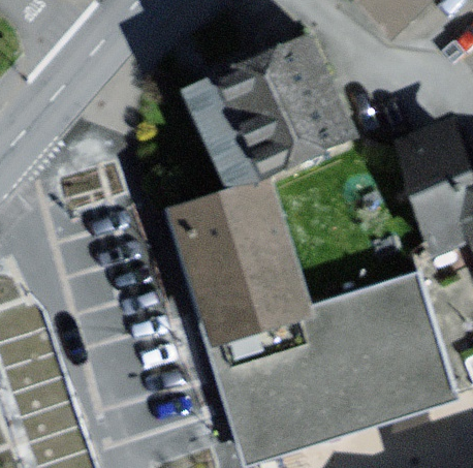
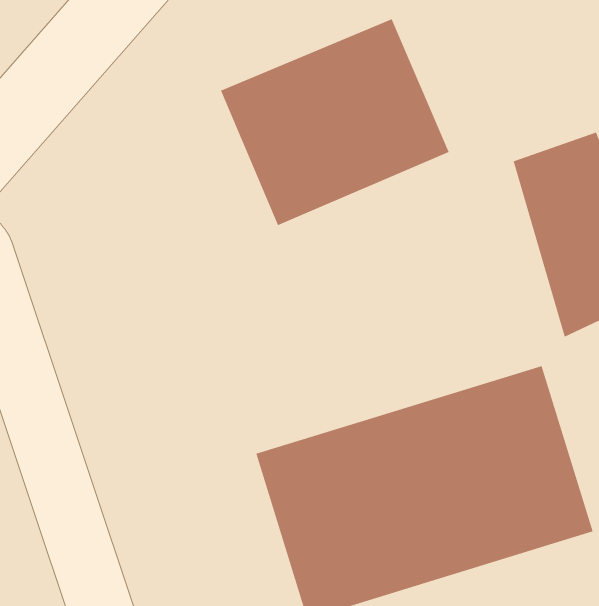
building: [172,179,311,342] -> none

